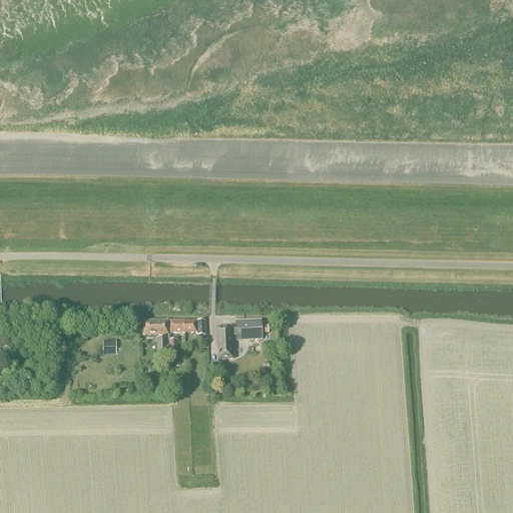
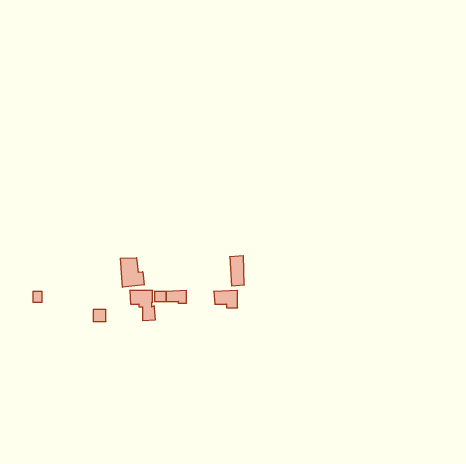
building: none -> [120,258,144,287]
building: [216,325,232,358] -> [230,256,244,286]

